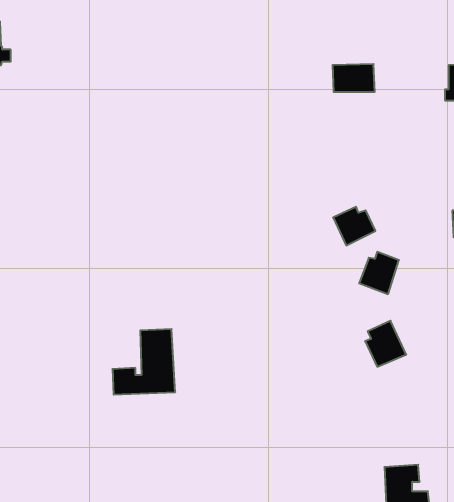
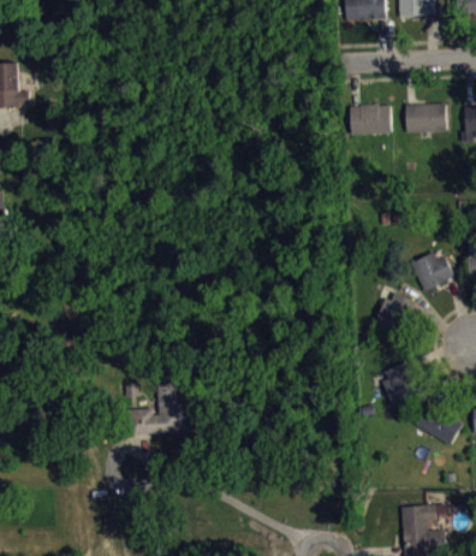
building: none -> [405,105,445,132]
building: [333,207,375,245] -> [411,252,453,290]
building: none -> [416,404,463,444]

